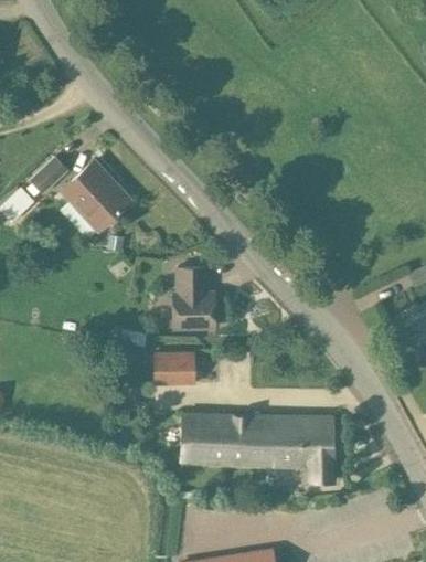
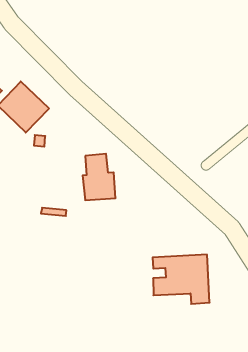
building: [153,353,194,385] -> none
building: [181,412,277,466] -> none

